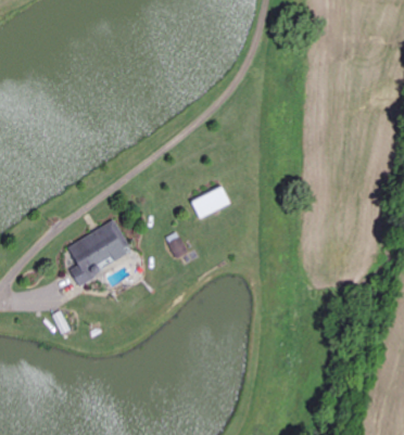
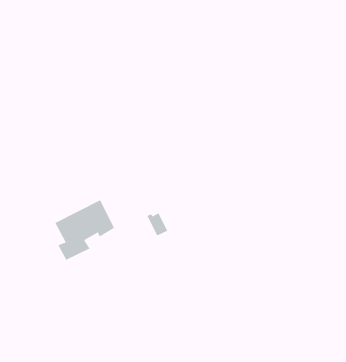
building: [189,185,230,218] -> none

